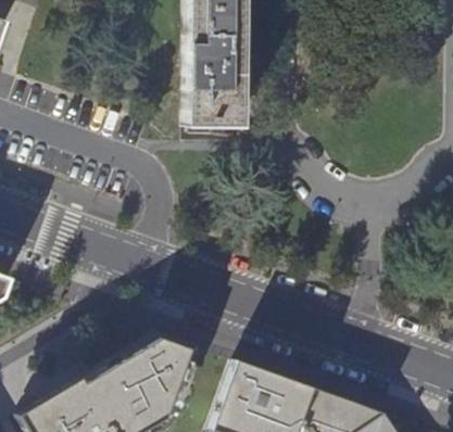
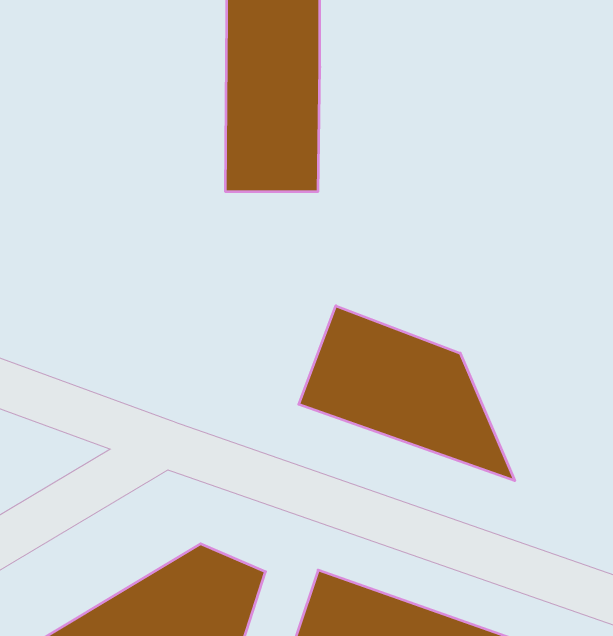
building: none -> [299,306,515,481]

